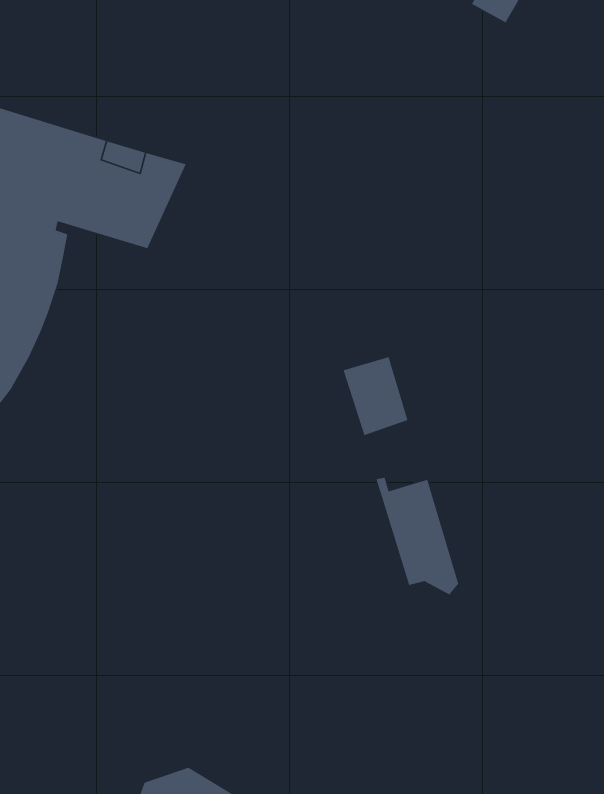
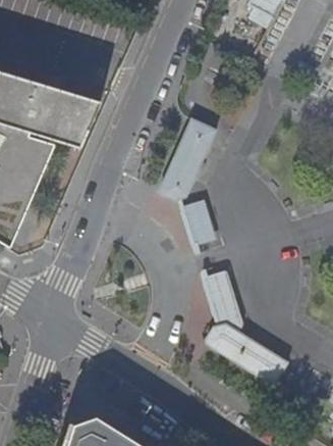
building: none -> [159,116,215,198]
building: none -> [205,323,286,385]

